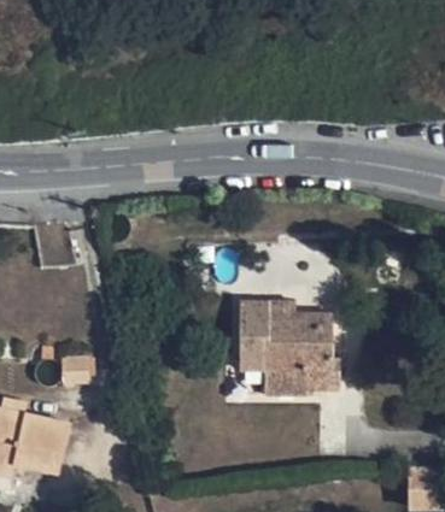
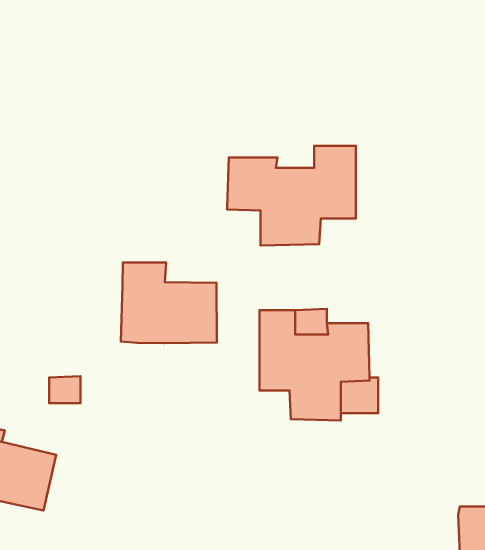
building: none -> [227,146,356,246]
building: none -> [121,263,217,343]

